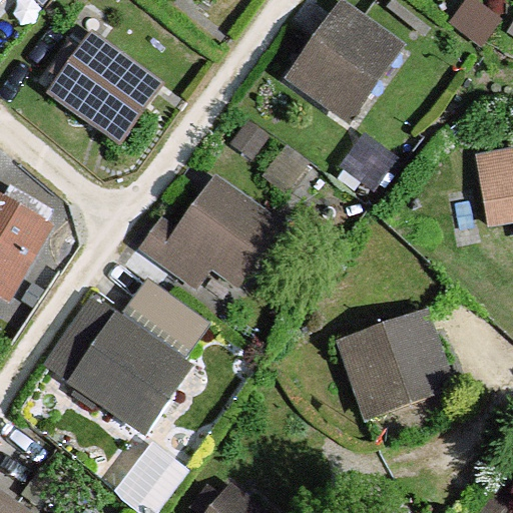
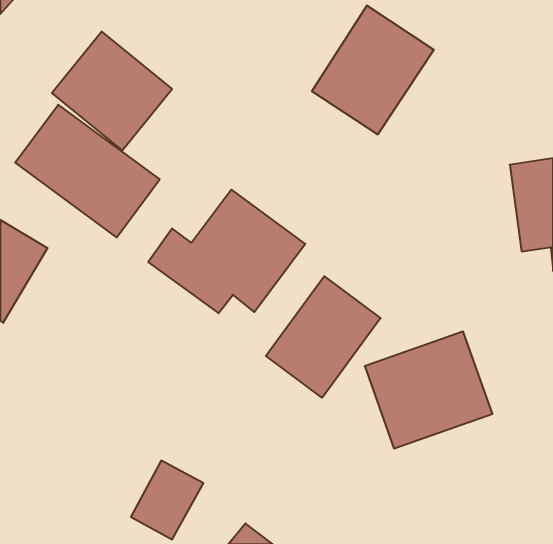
building: none -> [15,105,160,237]
building: none -> [266,276,381,398]
building: [68,312,185,429] -> none

